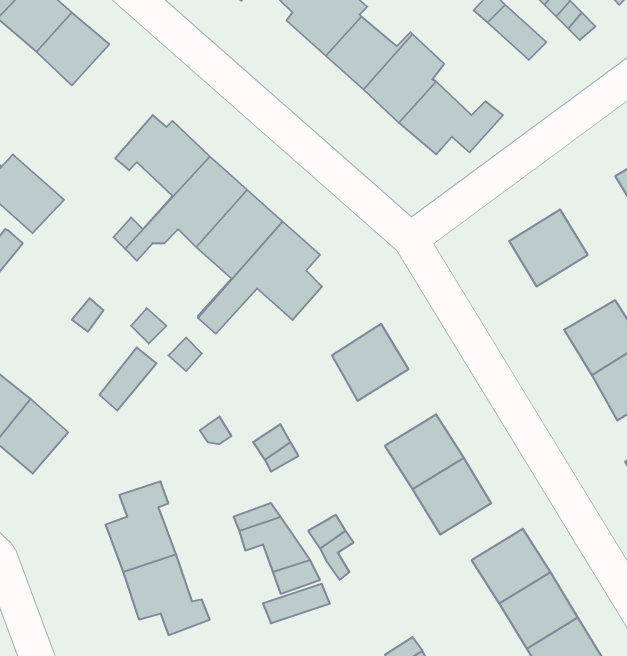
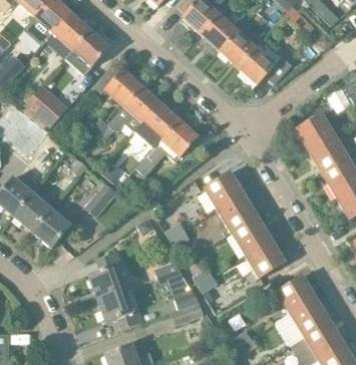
building: none -> [72,28,110,66]
building: none -> [309,135,349,173]
building: none -> [218,194,258,233]

